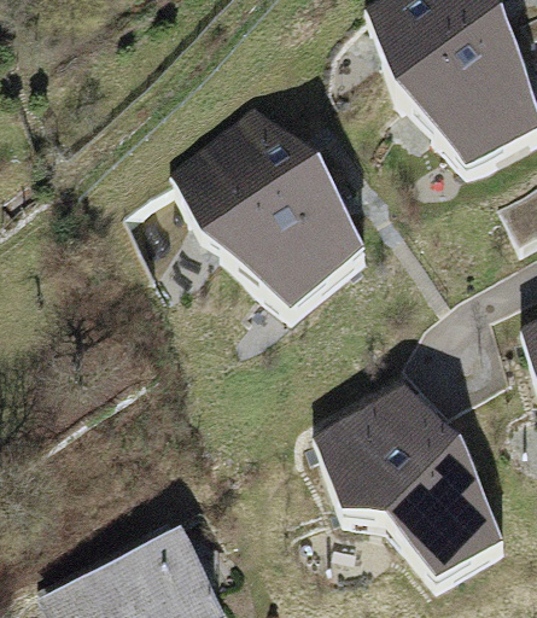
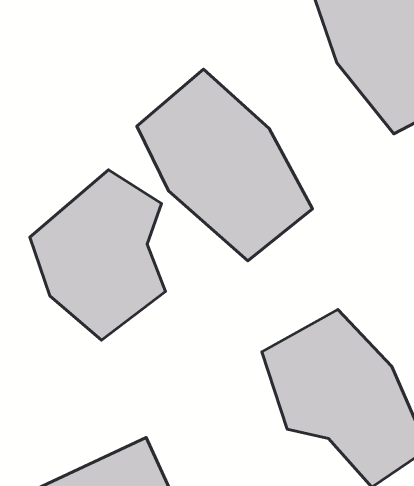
building: none -> [30,170,165,340]

